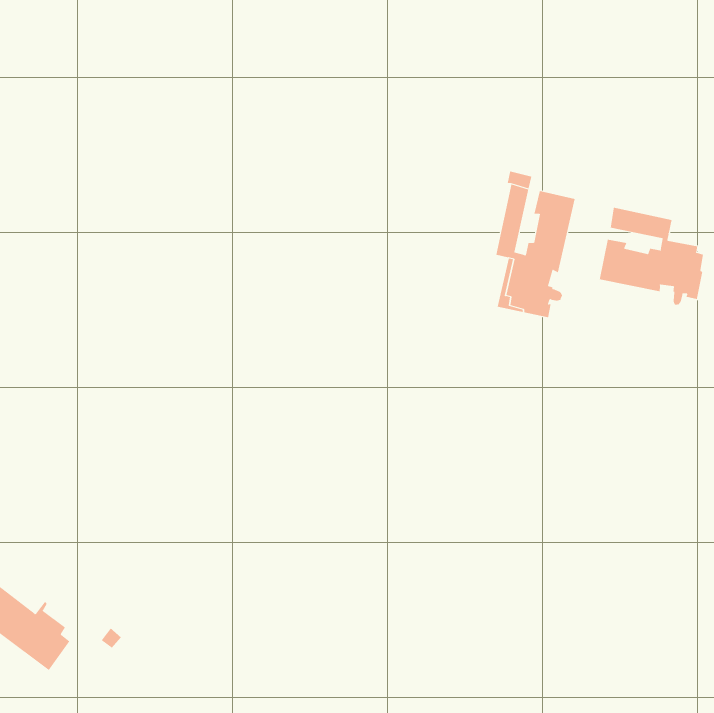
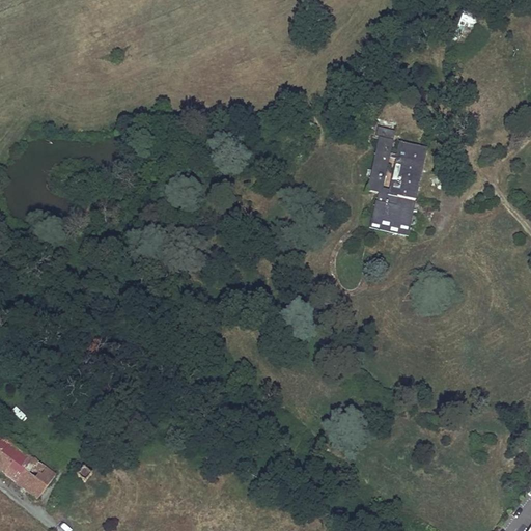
building: [599,207,703,306] -> none

